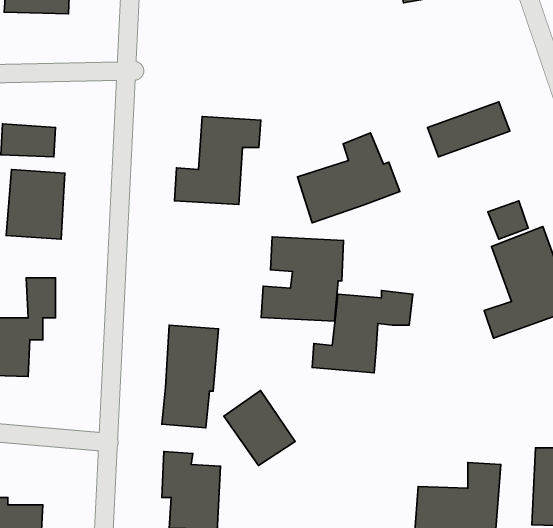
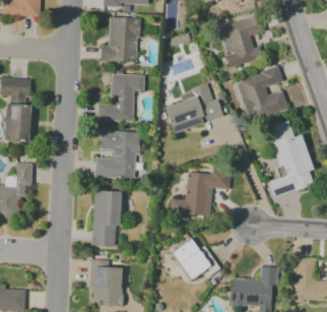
building: none -> [215,15,270,68]
building: none -> [101,16,140,63]
building: none -> [248,90,288,121]
building: [261,237,344,321] -> [94,130,140,177]
building: [224,390,295,465] -> [172,238,211,279]

